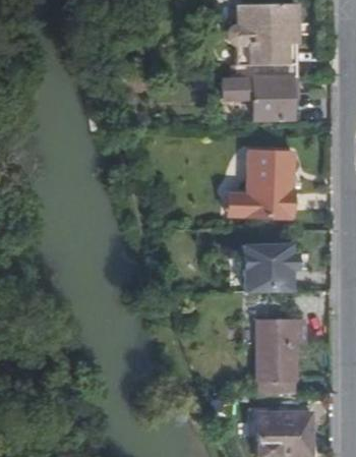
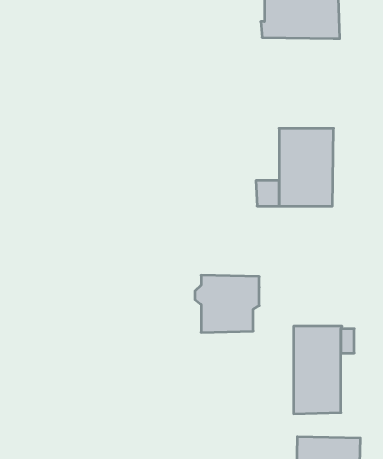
building: [226,77,292,117] -> none
building: [239,245,293,293] -> [195,275,259,332]

